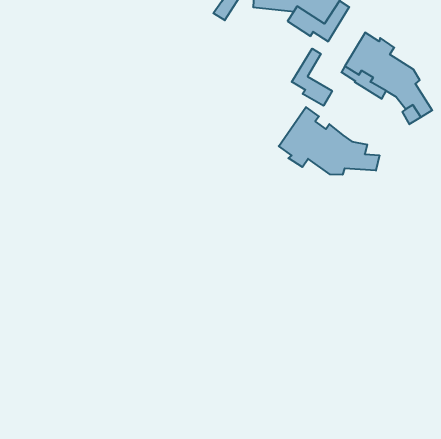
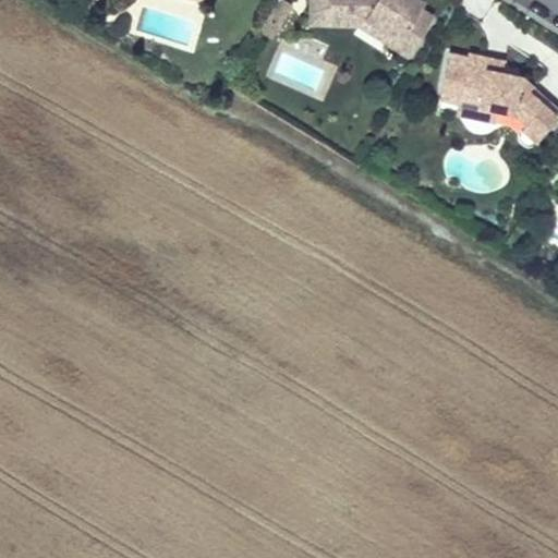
building: [292,49,332,106] -> none
building: [279,107,379,175] -> none

